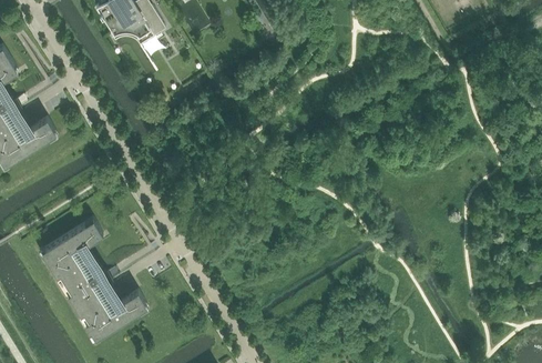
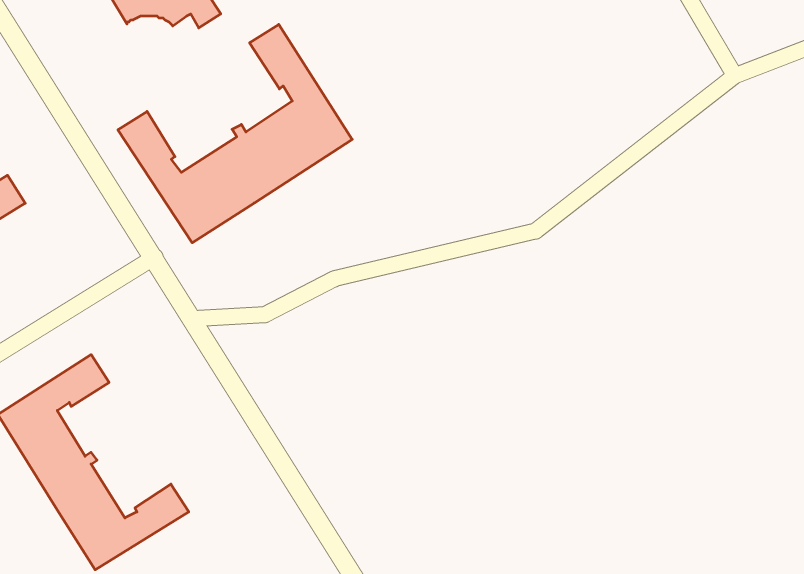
building: none -> [118,24,352,243]

